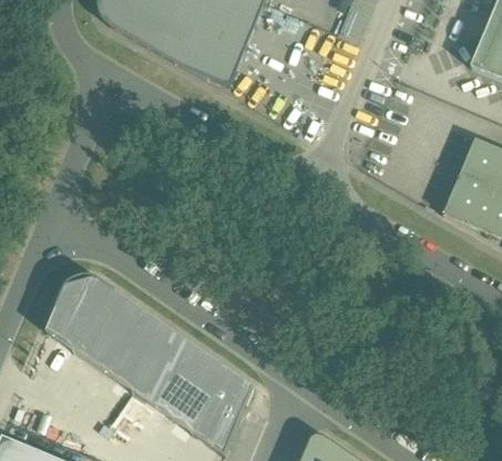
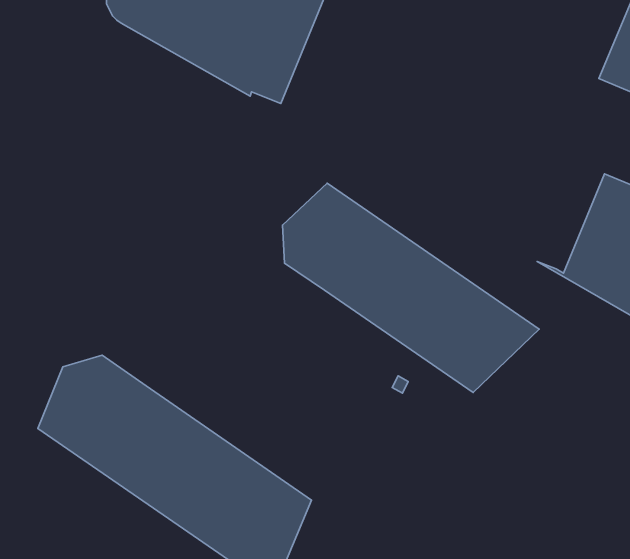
building: none -> [282,183,539,392]

